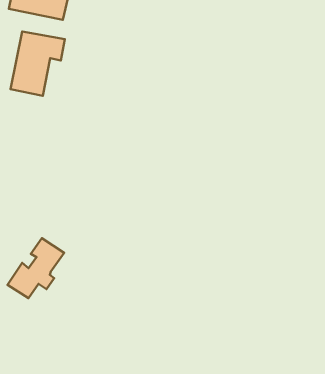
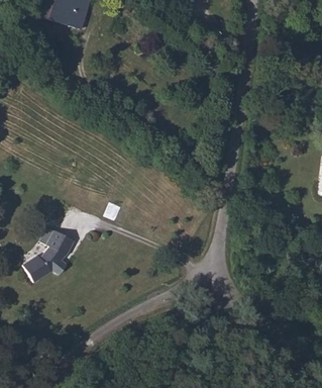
building: [10,32,65,96] -> none

